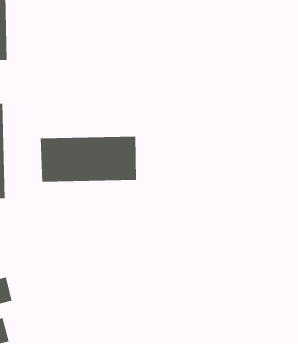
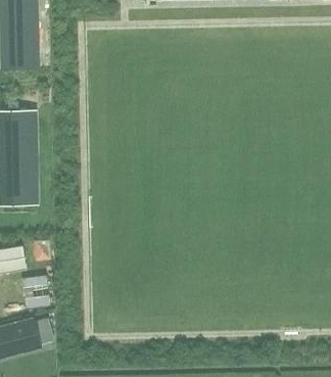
building: [40,136,137,183] -> none

